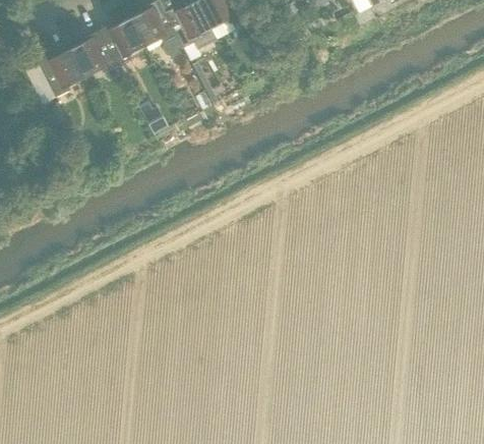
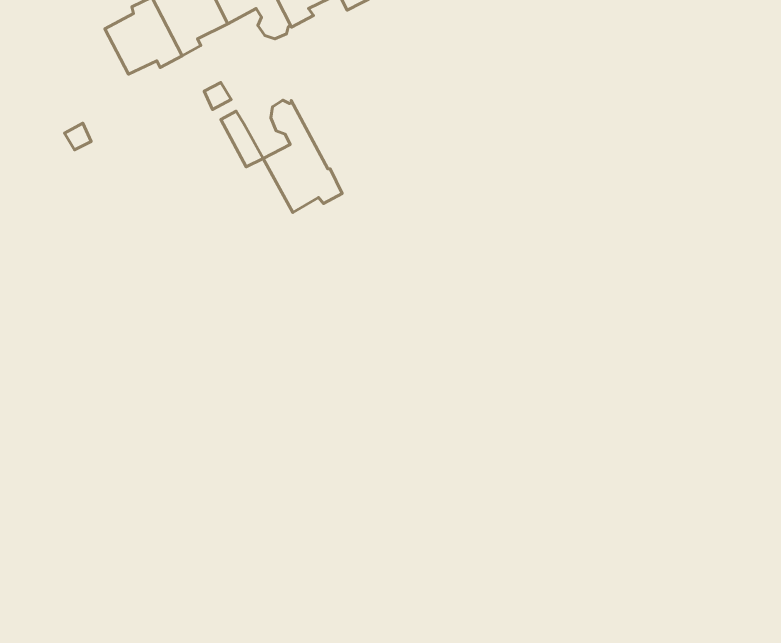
building: [38,46,84,93] -> none
building: none -> [263,100,342,212]

